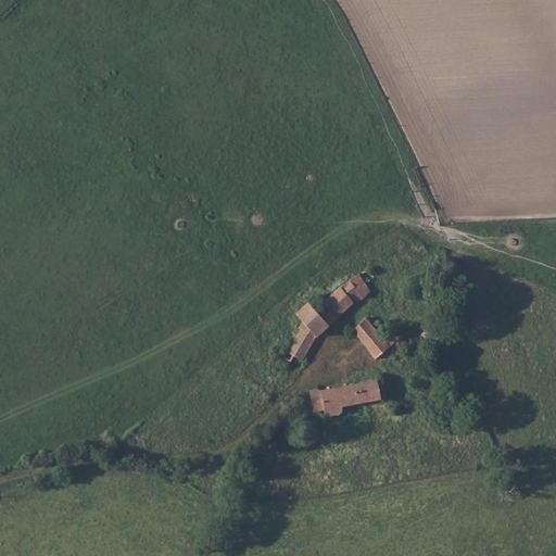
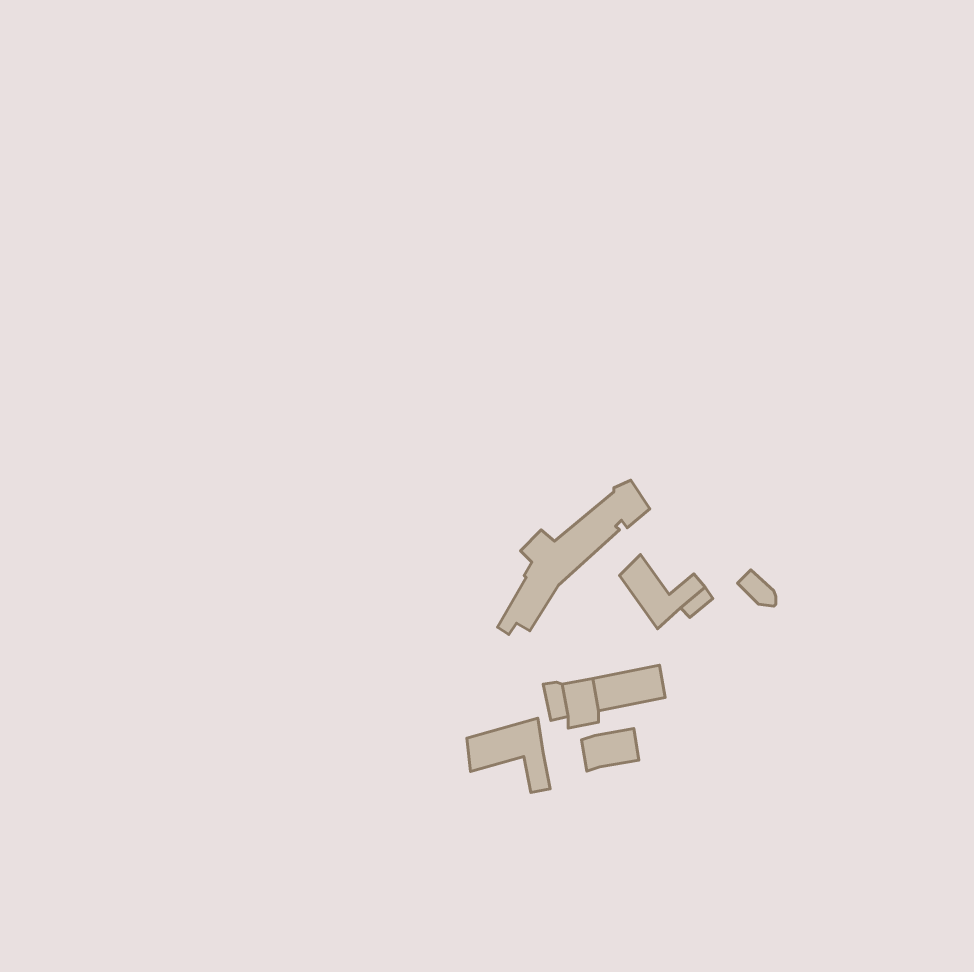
building: none -> [467,718,550,793]
building: none -> [582,729,639,771]

